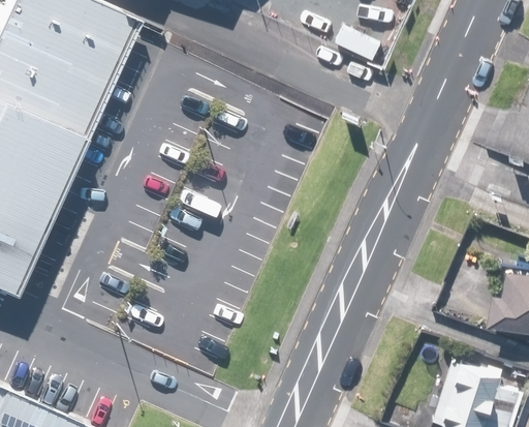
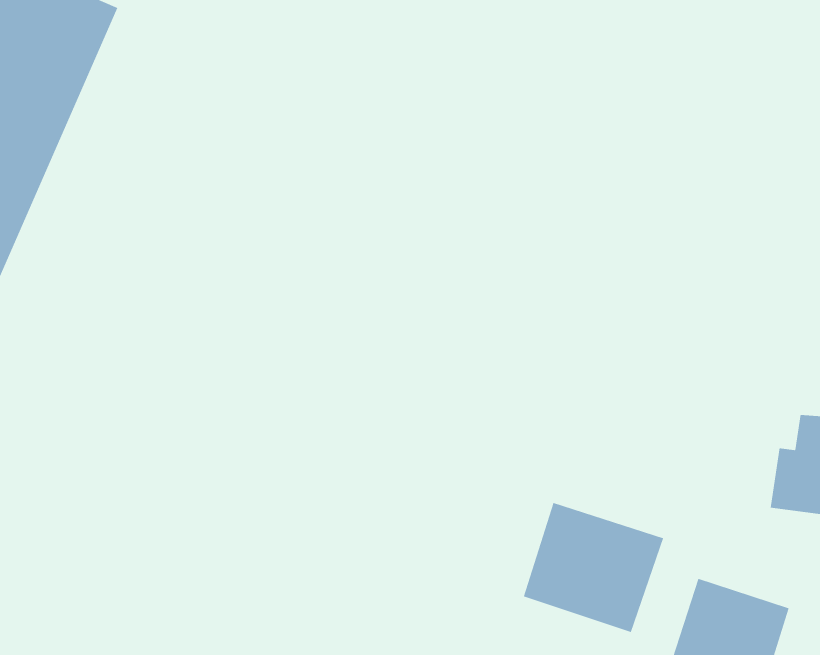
building: none -> [523,502,664,633]

